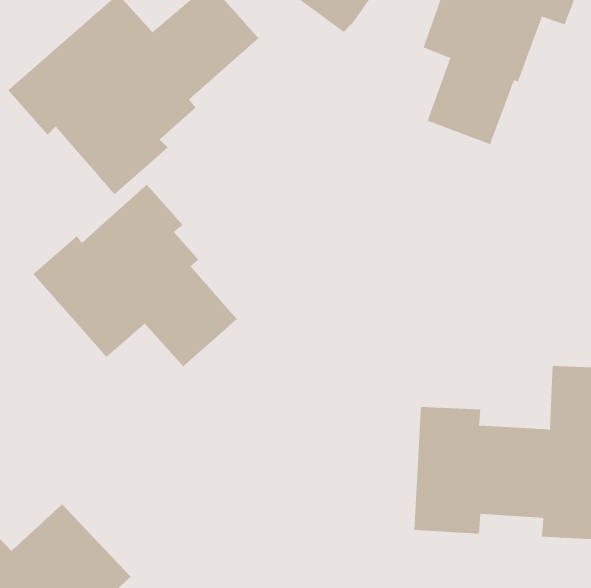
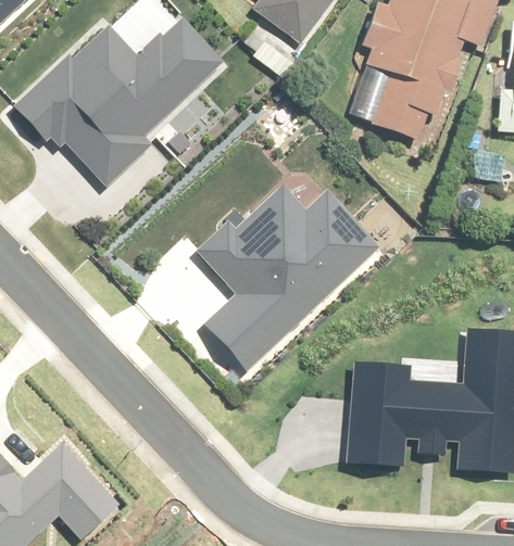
building: [33,184,238,367] -> none
building: none -> [202,187,376,368]

